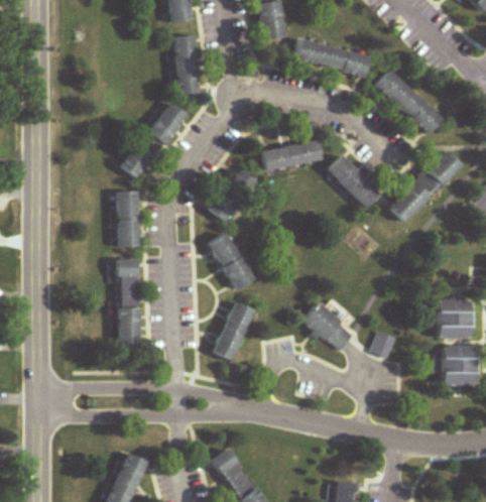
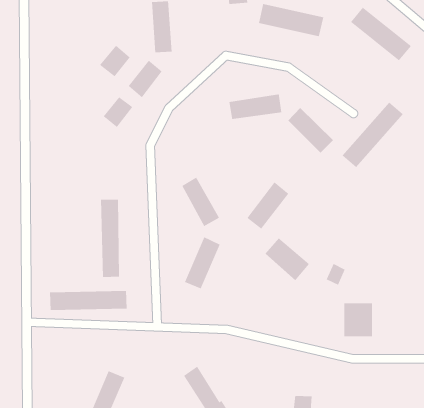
building: [374,72,444,133] -> [350,7,412,61]
building: none -> [99,45,130,77]
building: [208,168,256,223] -> [246,181,289,230]
building: [118,191,138,247] -> none
building: [437,299,471,337] -> none
building: [442,346,475,384] -> [343,303,373,337]
building: none -> [50,290,127,311]

